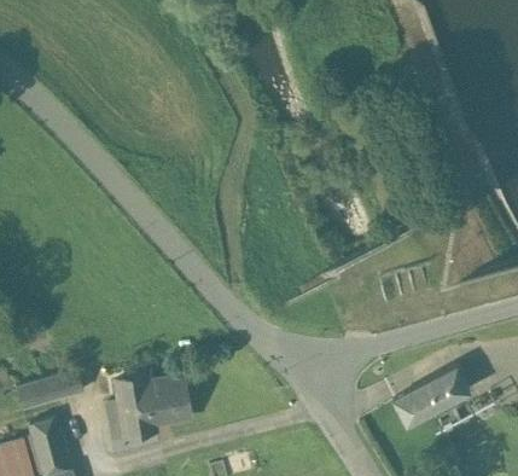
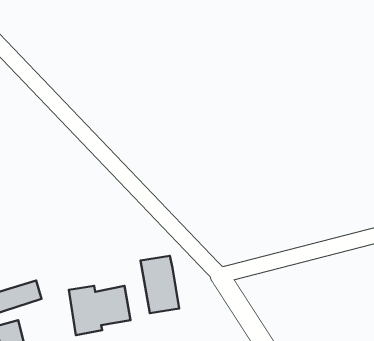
building: none -> [140,256,179,313]
building: [391,366,470,425] -> none

